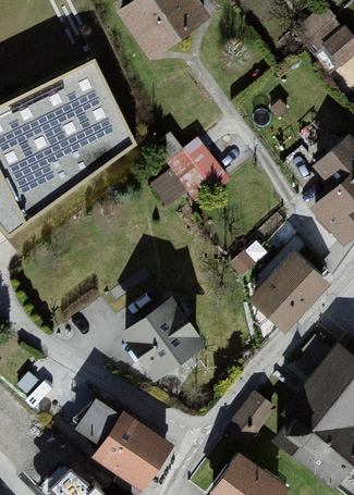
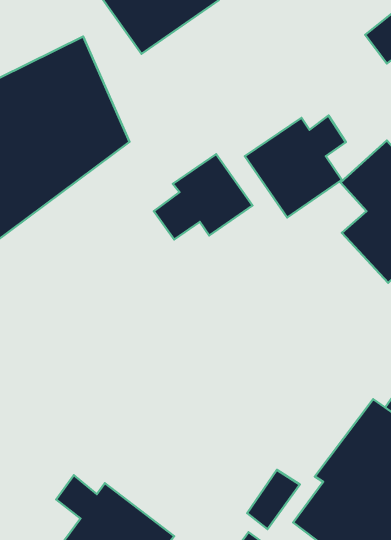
building: none -> [245,116,346,217]
building: [251,255,330,335] -> none
building: [117,297,202,380] -> none

